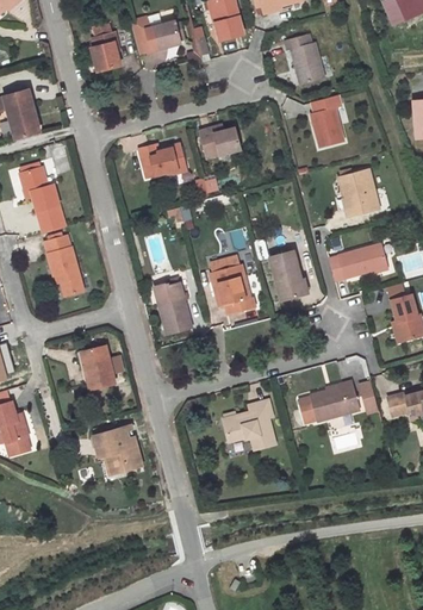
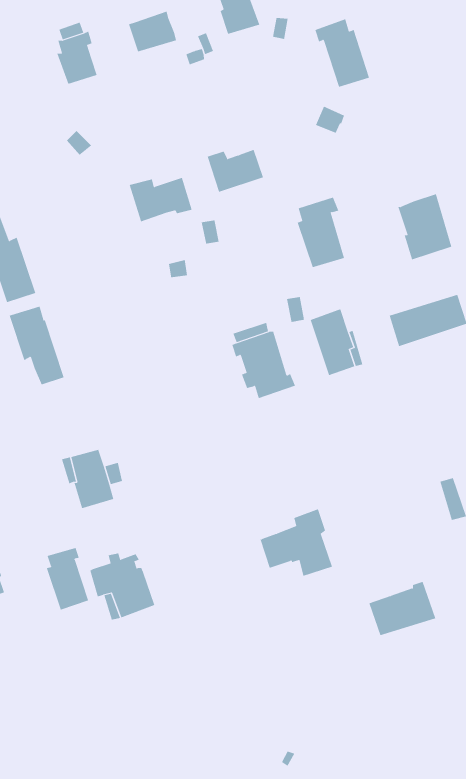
building: [129,15,150,52] -> none
building: [309,95,343,148] -> [297,197,345,268]
building: [153,282,191,334] -> none
building: [309,381,359,421] -> [369,581,436,636]
building: none -> [46,547,89,611]

